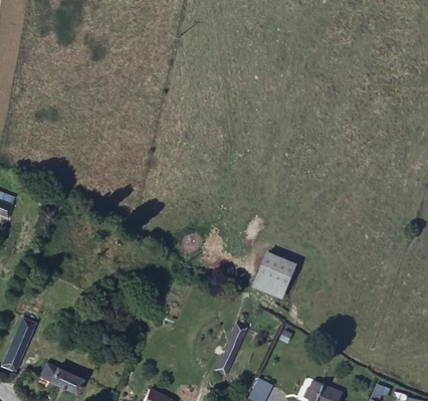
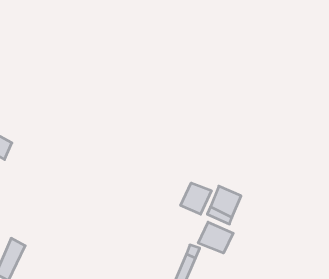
building: none -> [181,183,211,214]
building: none -> [198,222,233,253]

